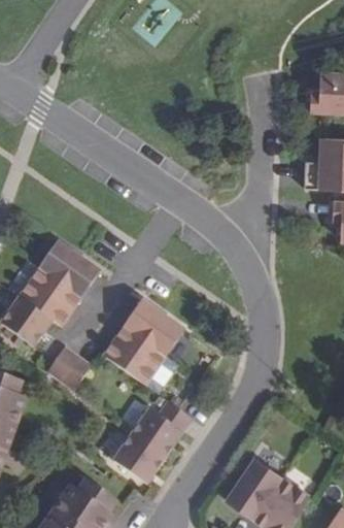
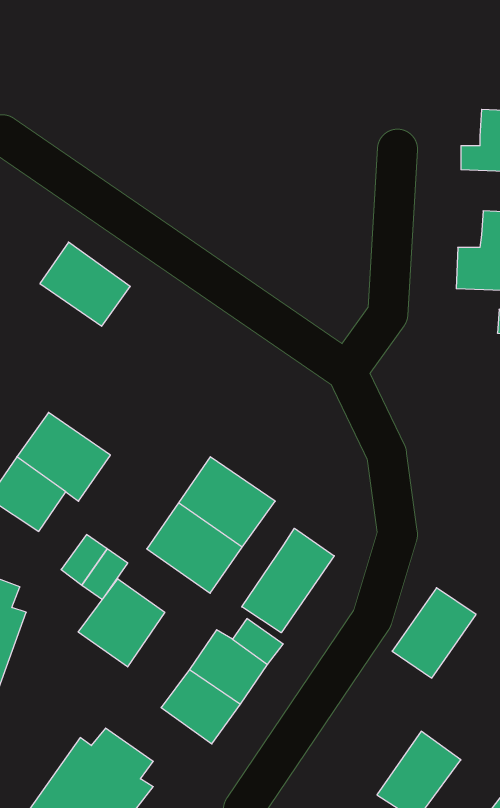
building: [39,241,98,296] -> [40,242,130,326]
building: none -> [242,528,334,633]
building: none -> [78,579,165,667]
building: [227,458,281,517] -> [392,588,476,678]

